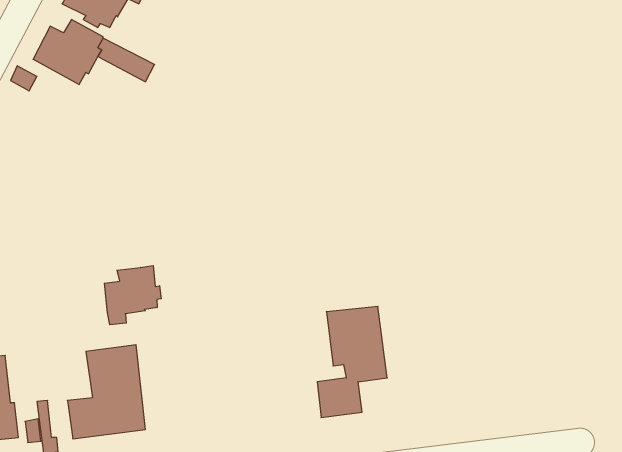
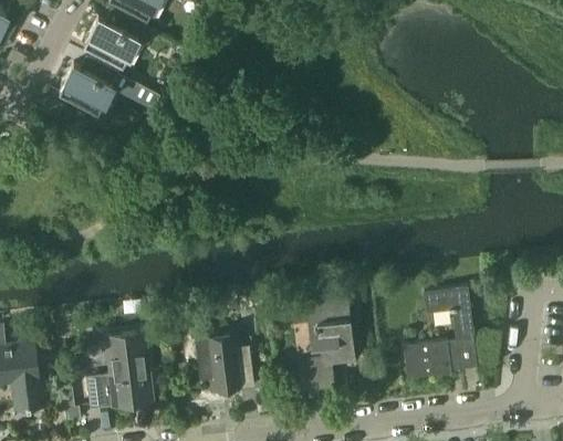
building: [104,266,161,325] -> none
building: none -> [403,288,477,380]
building: none -> [195,335,254,396]

